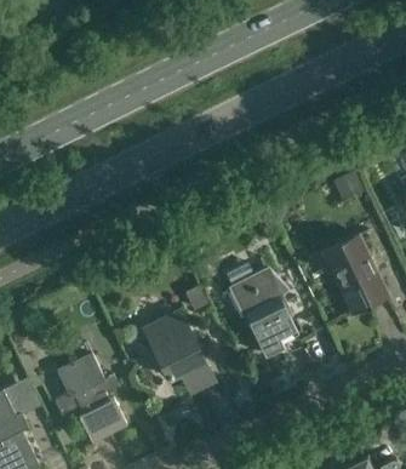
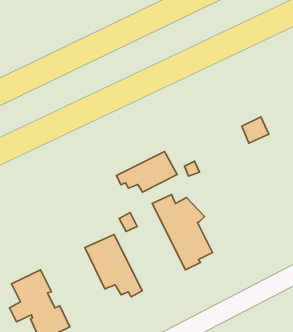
building: none -> [117,152,177,192]
building: [322,235,387,313] -> none

